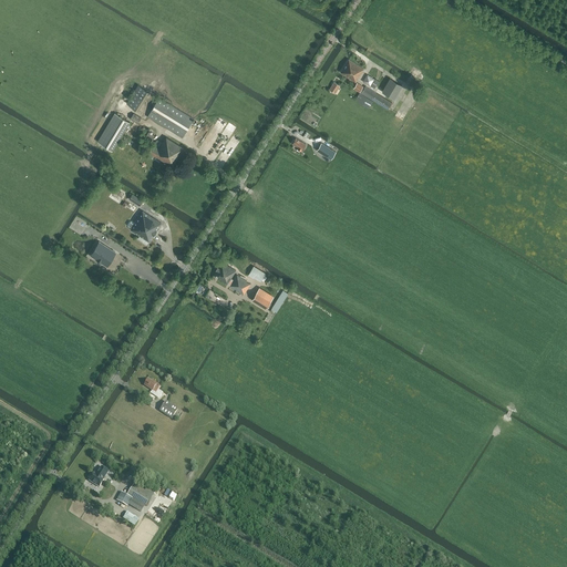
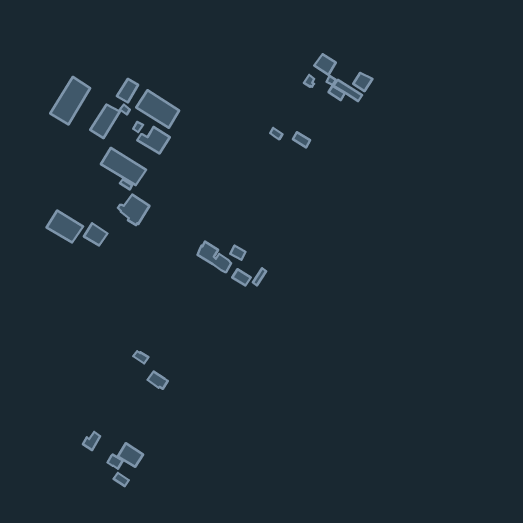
building: none -> [50,77,90,124]
building: none -> [101,148,146,185]
building: none -> [47,210,83,243]

